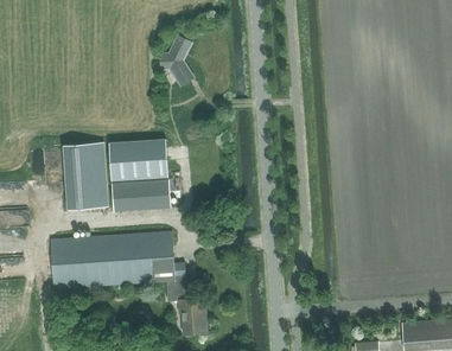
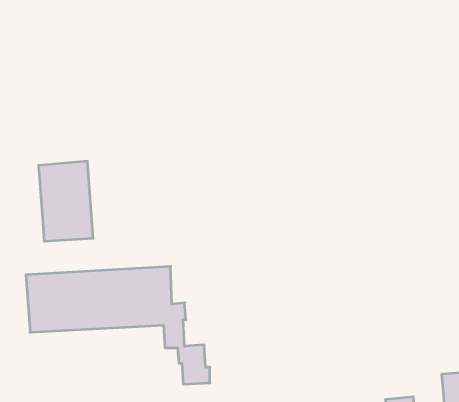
building: [160,36,193,85] -> none
building: [109,139,170,206] -> none

